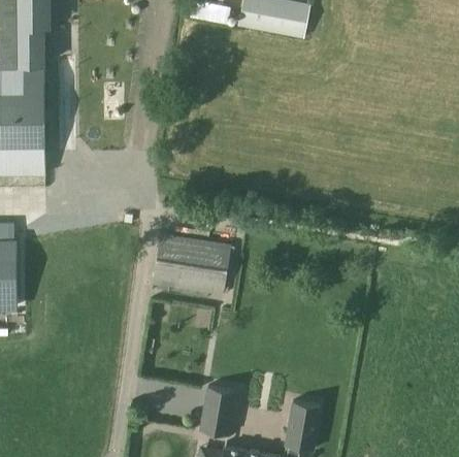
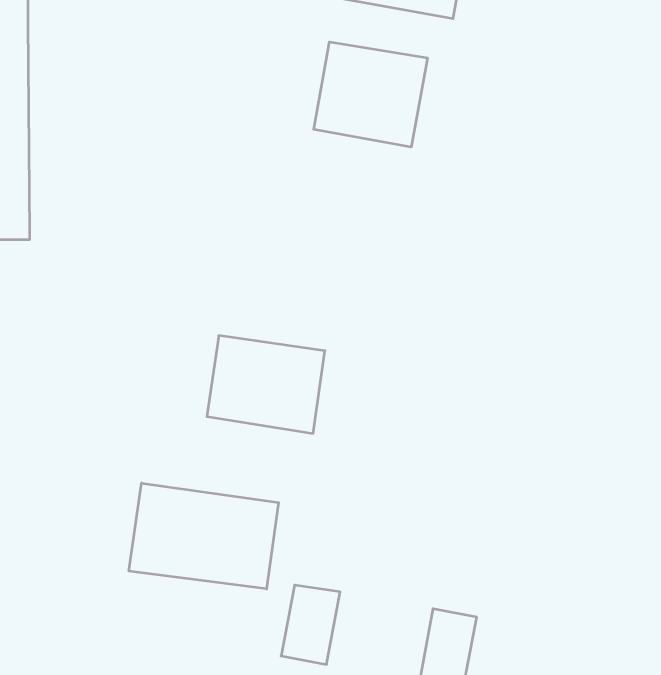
building: none -> [314,42,427,147]
building: none -> [129,483,279,589]

